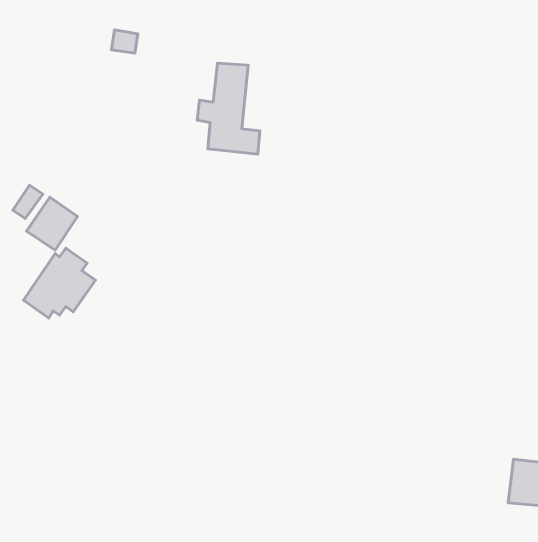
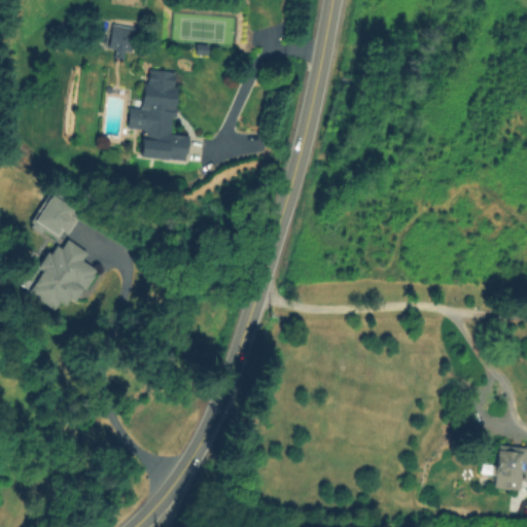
building: [197,63,260,154] -> [129,71,189,160]
building: [13,185,43,219] -> none

